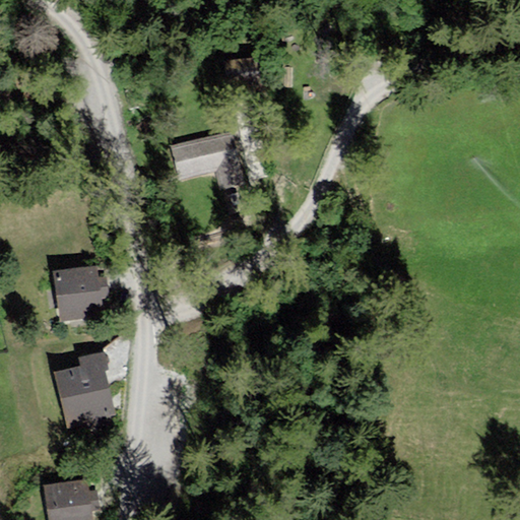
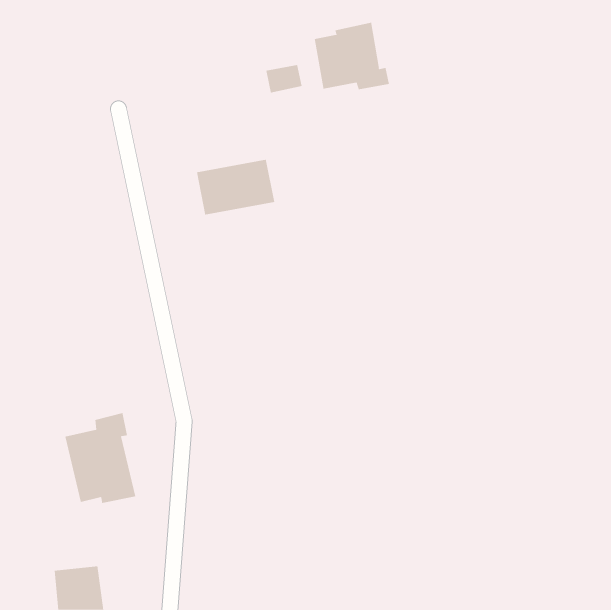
building: none -> [314,22,389,90]
building: [53,264,109,319] -> none

